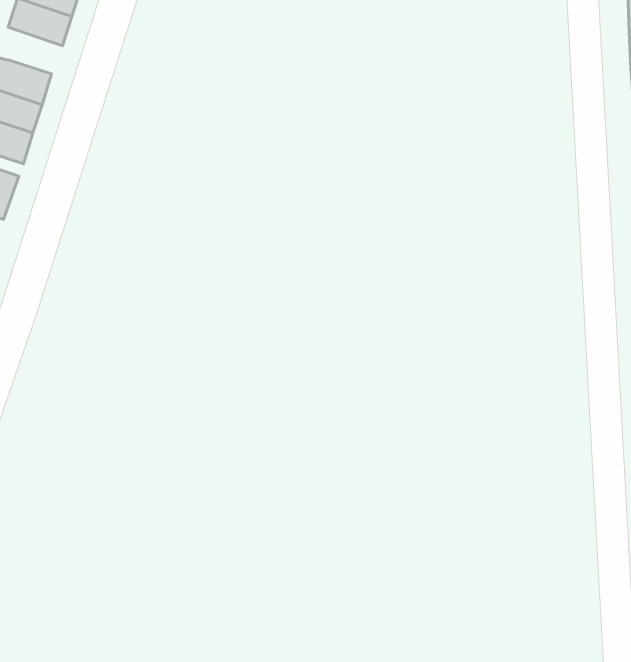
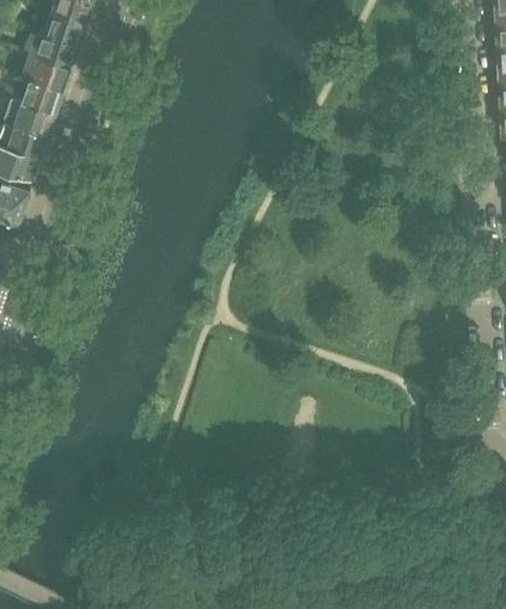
building: none -> [21,73,64,109]

